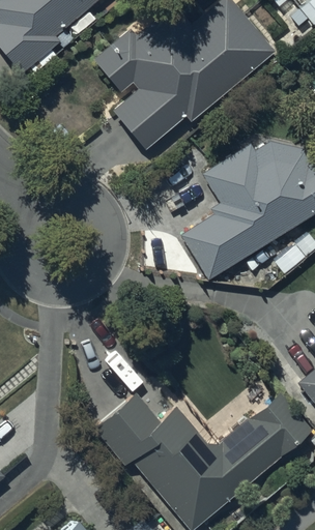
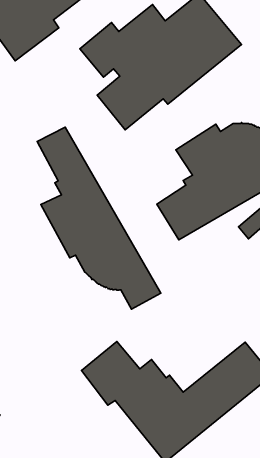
building: none -> [37,127,161,309]

